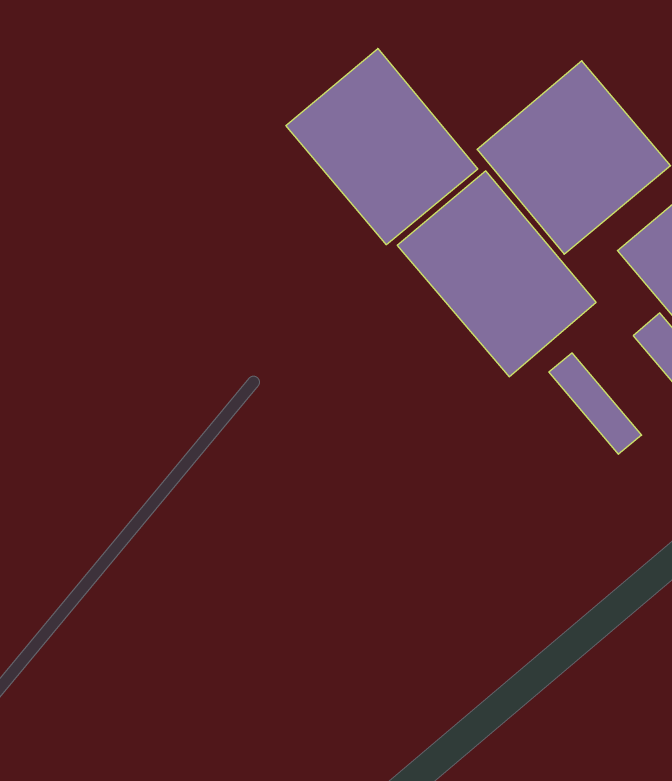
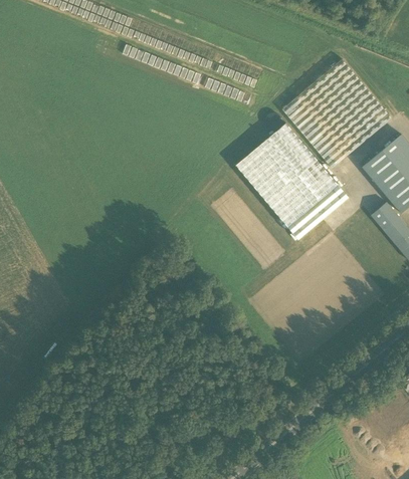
building: [286,48,478,245] -> none
building: [549,353,642,454] -> none

